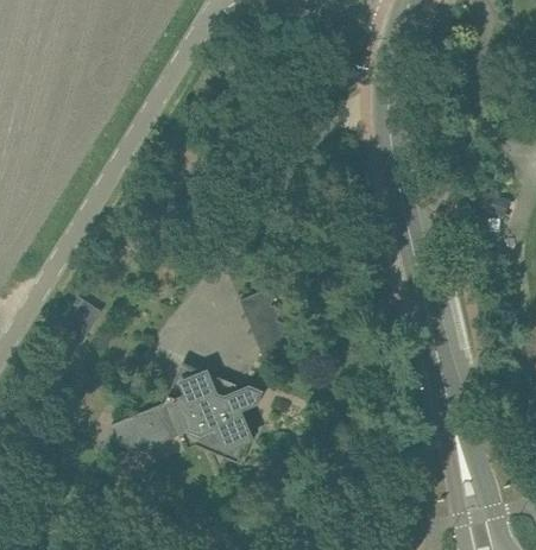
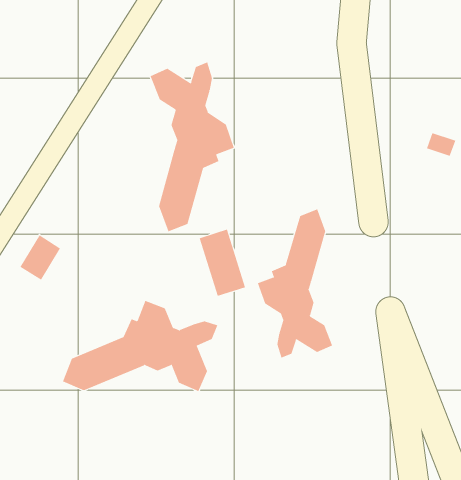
building: none -> [150,62,235,232]
building: none -> [257,209,333,359]

